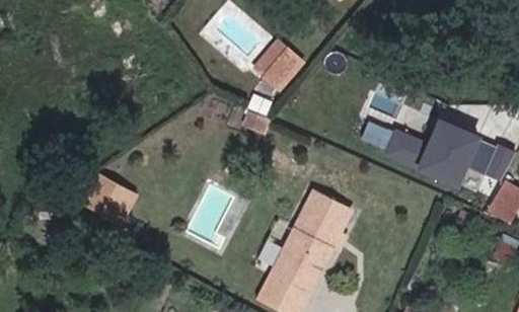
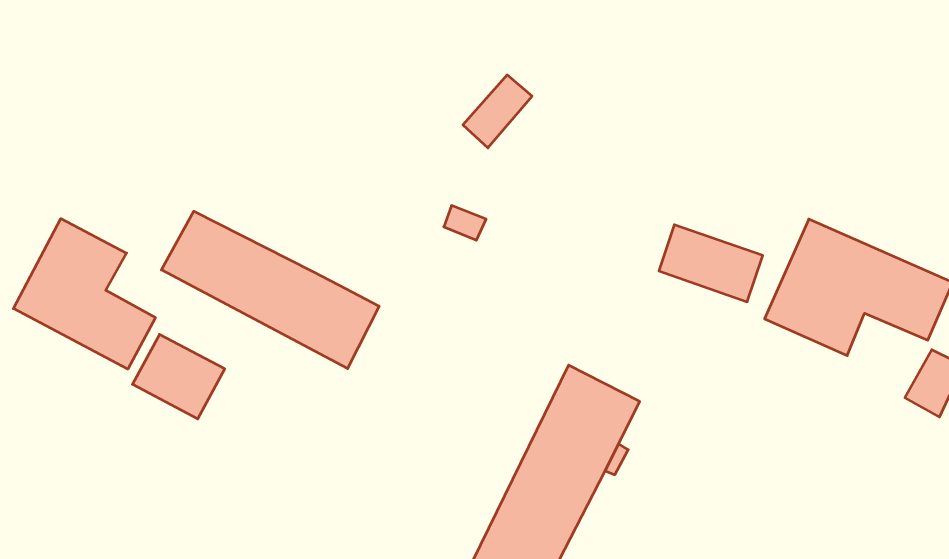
building: none -> [161,211,379,369]
building: none -> [13,219,155,369]

